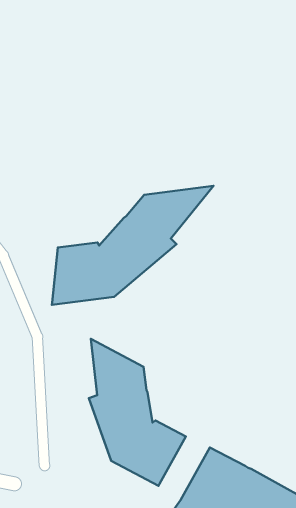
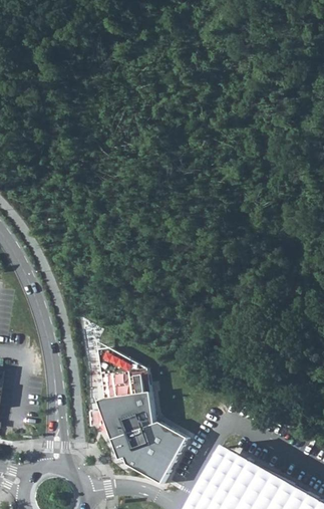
building: [52,186,213,305] -> none

